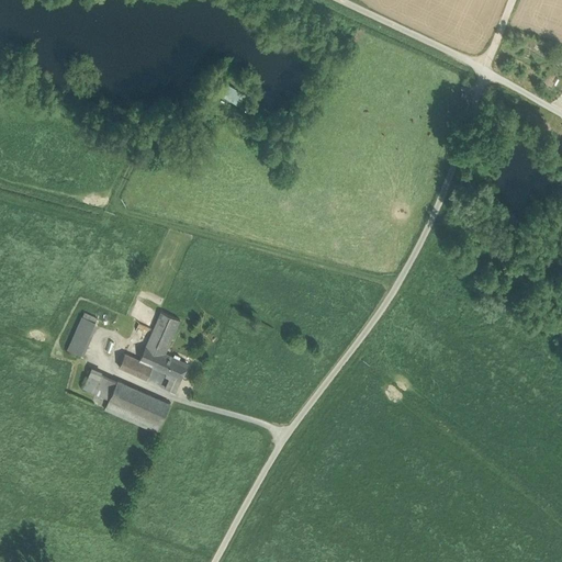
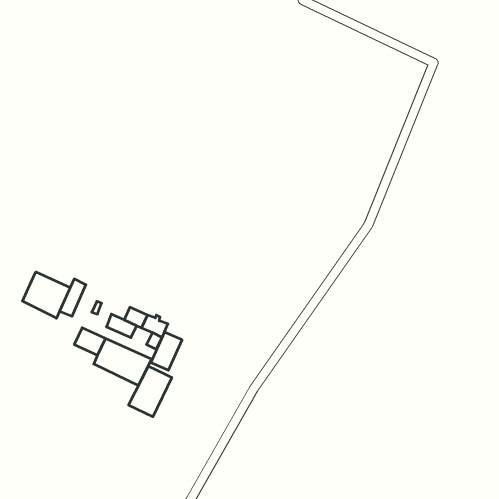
building: none -> [22,272,70,318]
building: [146,312,181,355] -> [151,332,182,370]
building: none -> [129,366,172,417]

